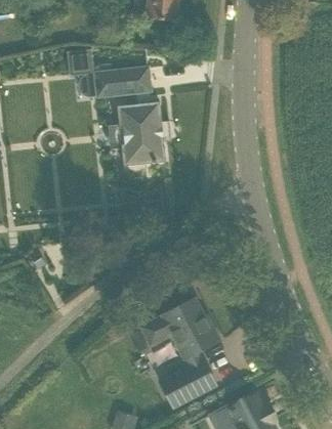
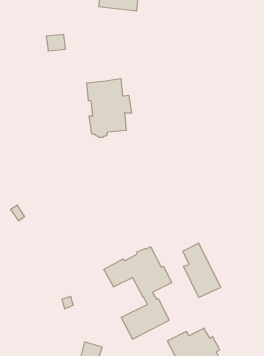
building: [94,67,152,98] -> none
building: none -> [183,243,221,297]

